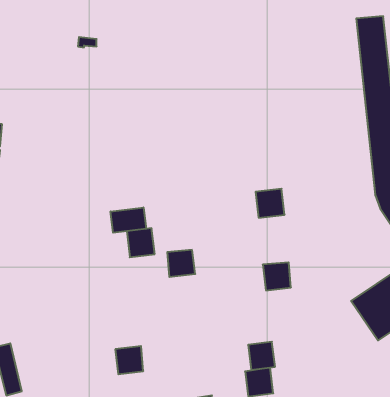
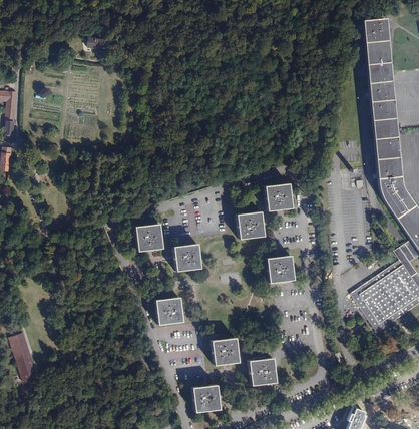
building: [111,207,146,233] -> none
building: none -> [238,210,266,239]
building: [248,342,275,370] -> [214,337,240,364]
building: [115,346,143,374] -> [156,297,183,324]

